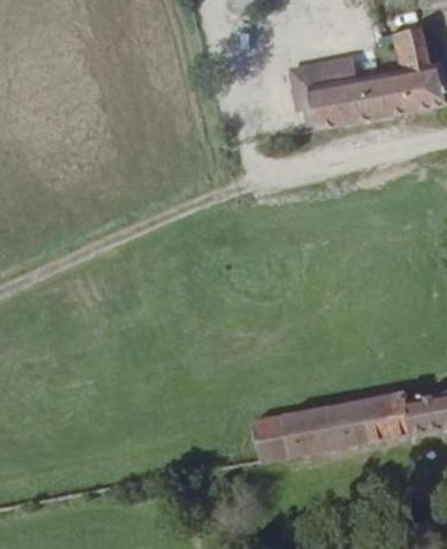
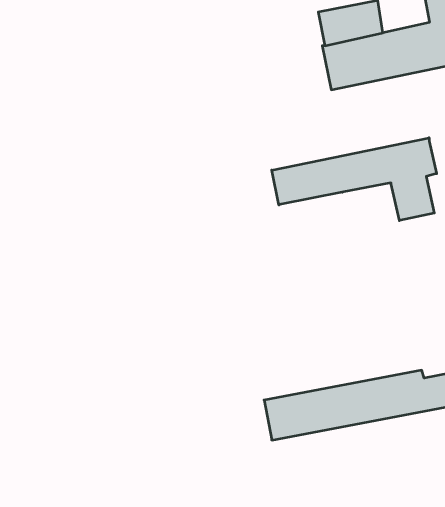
building: none -> [272,138,437,221]

